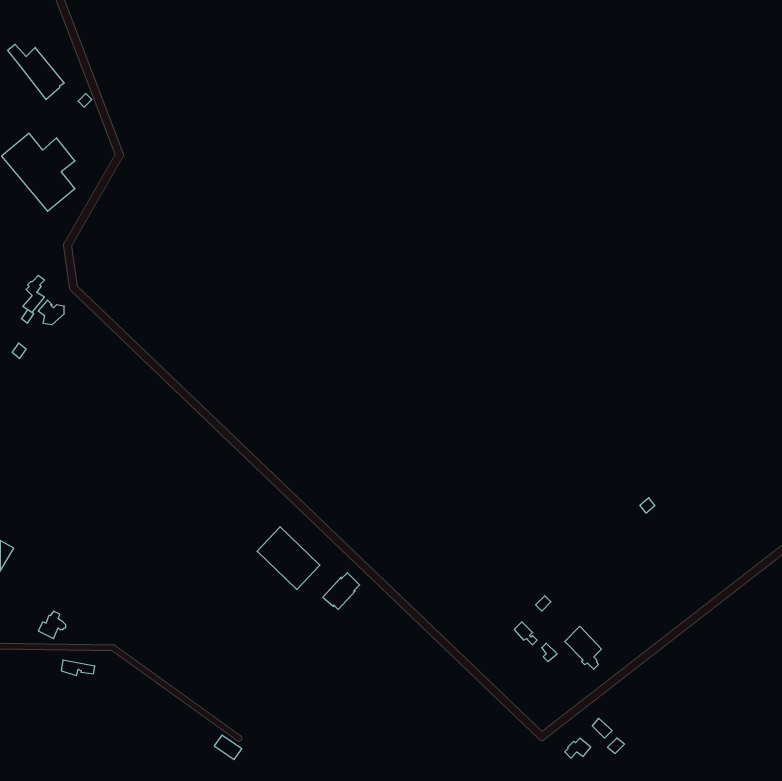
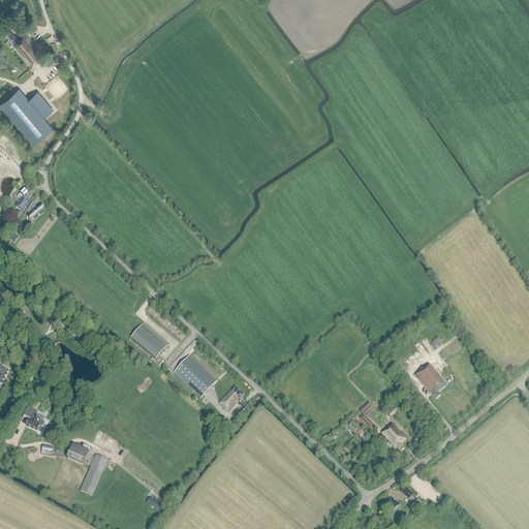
building: none -> [130,323,167,357]
building: none -> [411,357,447,398]
building: none -> [67,443,107,495]

